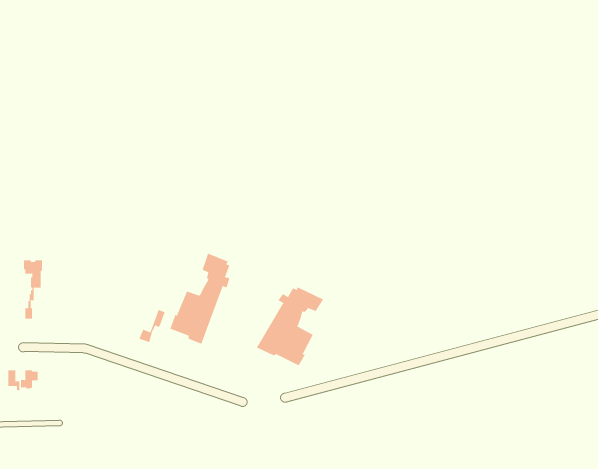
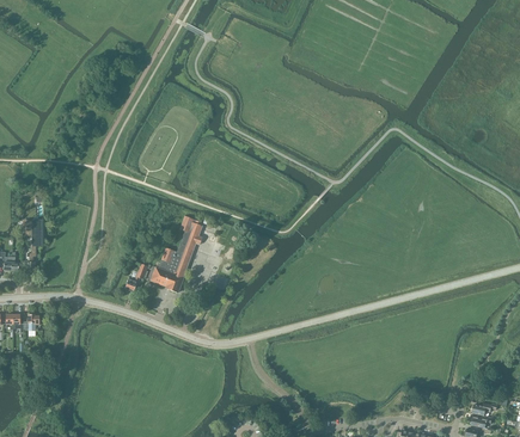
building: [256,287,324,366] -> none

